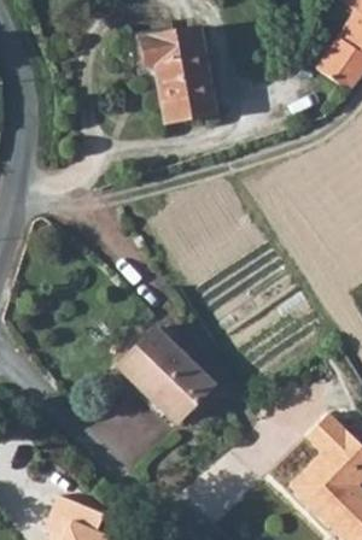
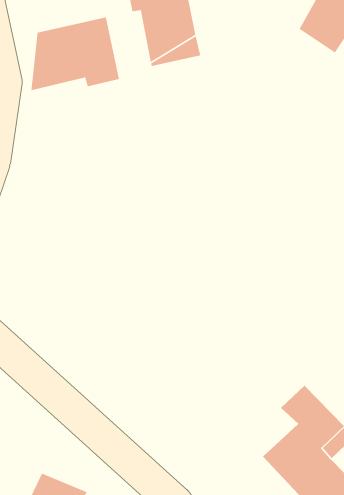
building: none -> [30,16,120,91]
building: [112,329,209,419] -> none

